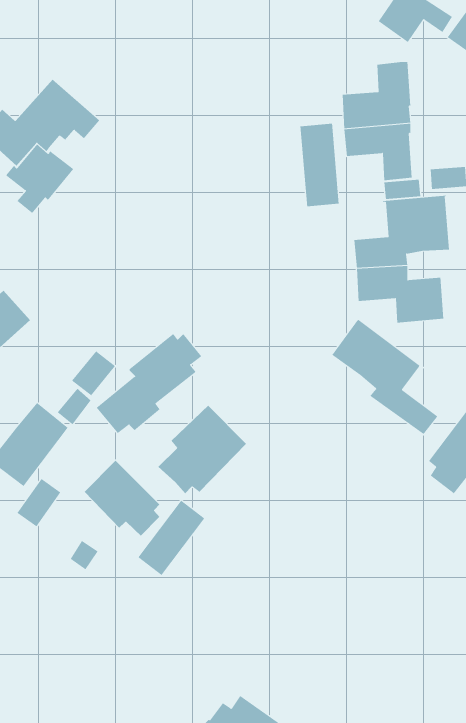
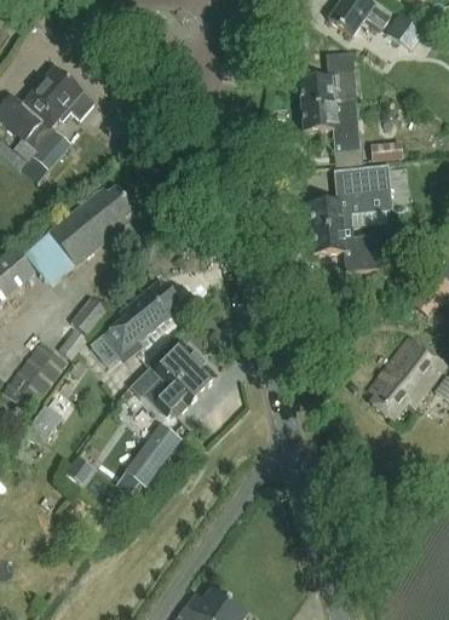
building: [300,123,339,207] -> none
building: none -> [24,184,136,285]
building: [331,317,438,435] -> none
building: [84,460,160,536] -> none

